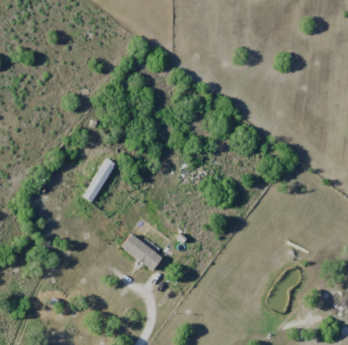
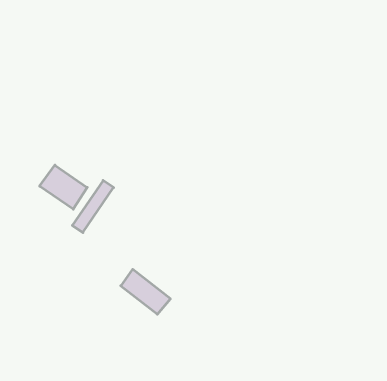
building: none -> [40,165,87,209]

